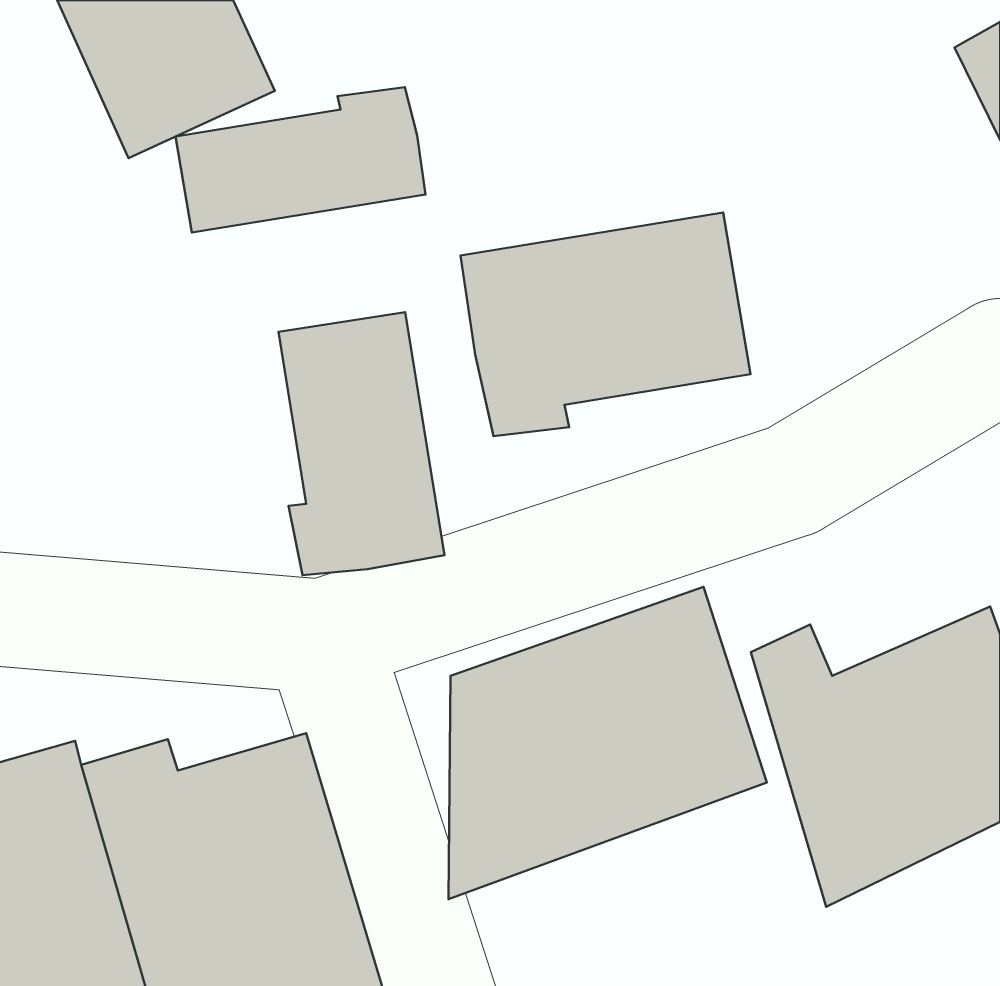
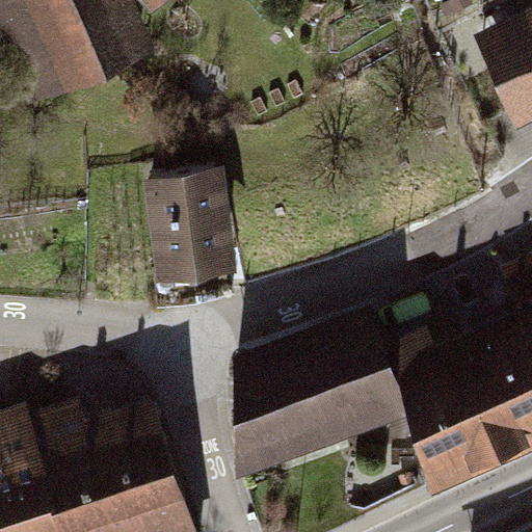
building: [175,87,425,232] -> none
building: [461,213,750,436] -> none

